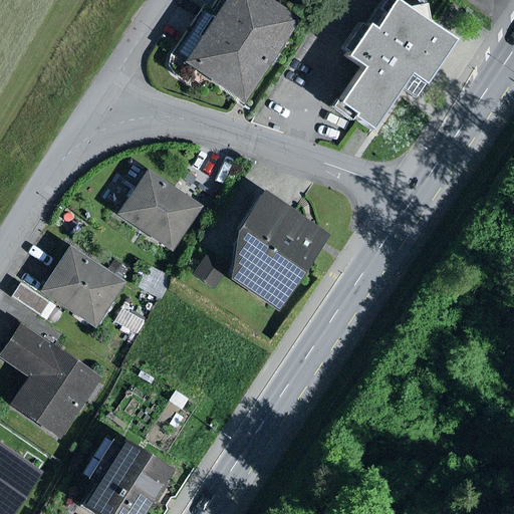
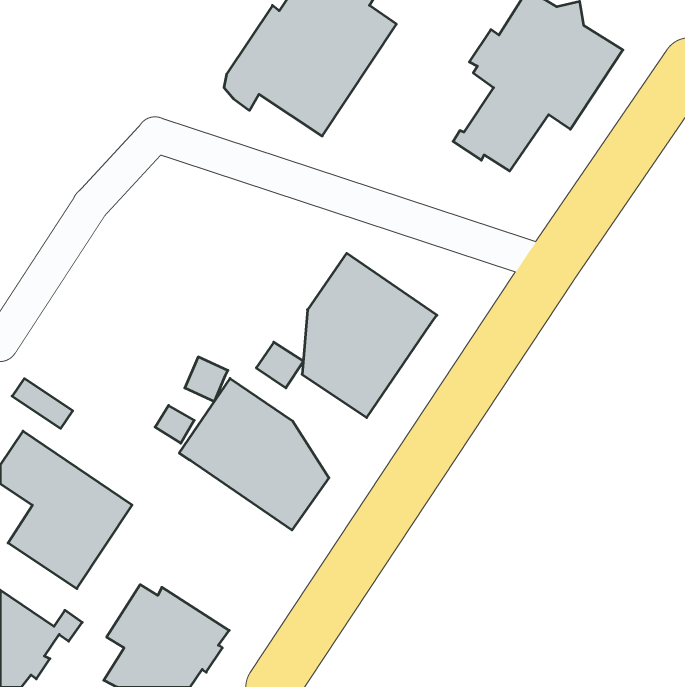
building: [115,169,204,253] -> none
building: [38,244,131,329] -> none
building: none -> [179,378,329,530]

